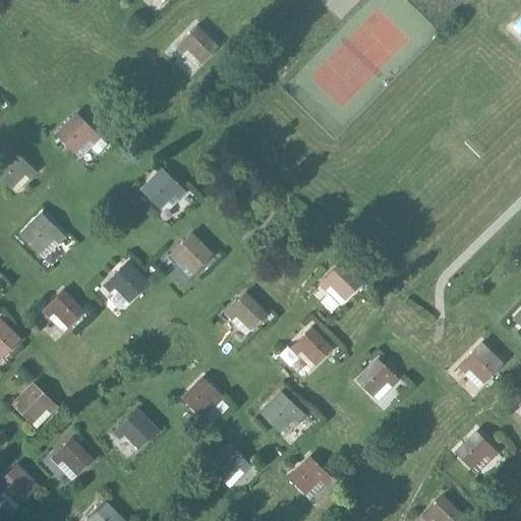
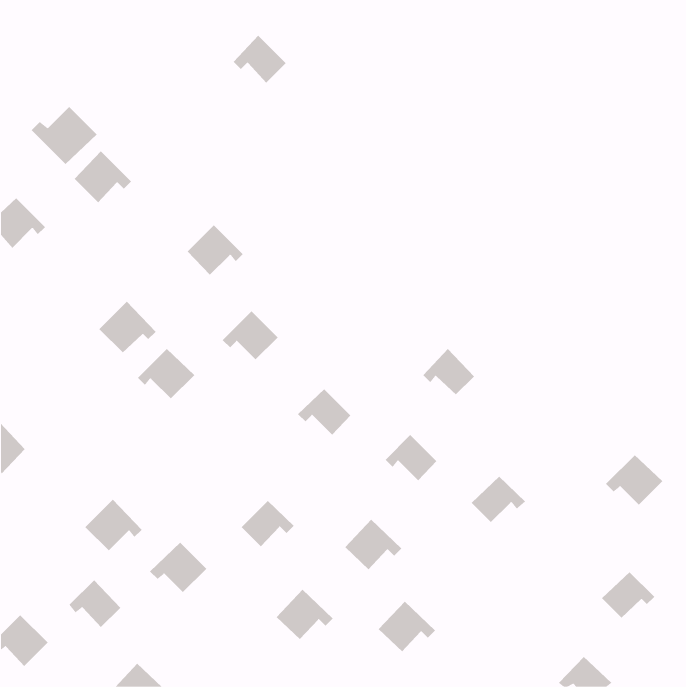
building: none -> [31,106,97,165]
building: [21,214,65,253] -> [99,301,156,353]
building: [44,291,84,327] -> none
building: [13,384,57,423] -> [85,499,142,551]

